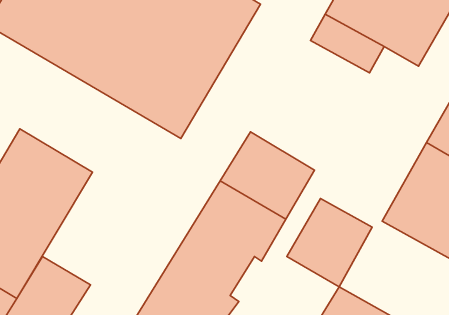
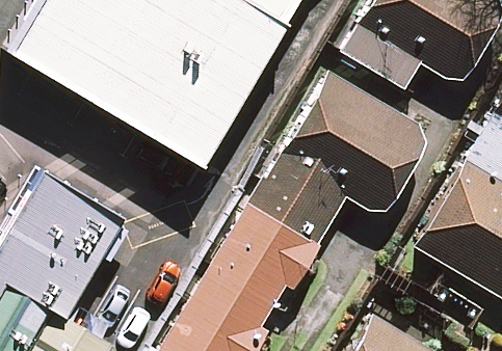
building: none -> [281,74,432,217]
building: [287,199,372,287] -> none

